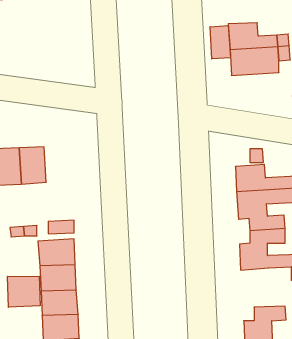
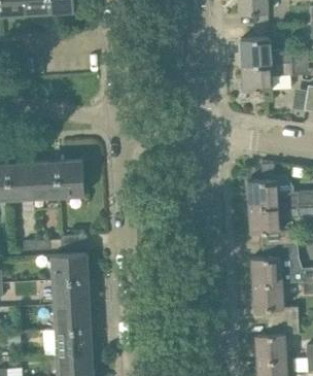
building: [210,26,231,59] -> none
building: none -> [57,161,84,197]
building: none -> [252,282,297,321]
building: [8,276,40,307] -> none

